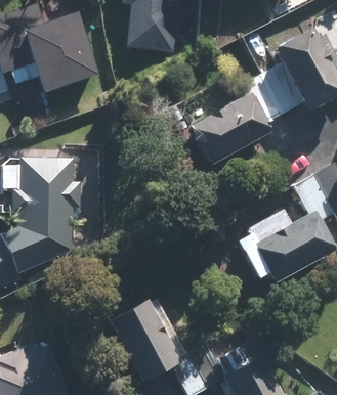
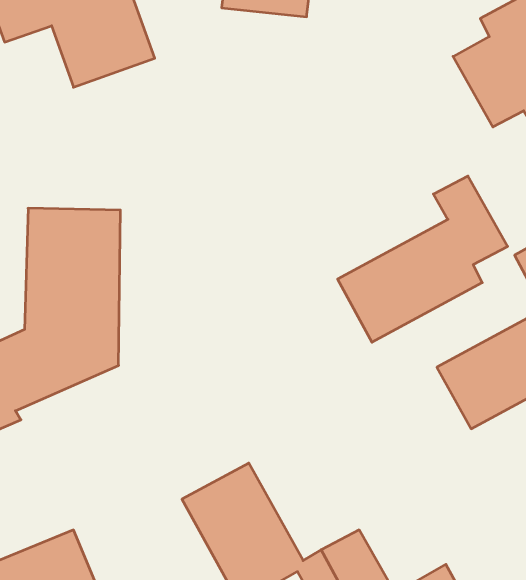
building: [189,72,286,166] -> [338,176,508,342]

